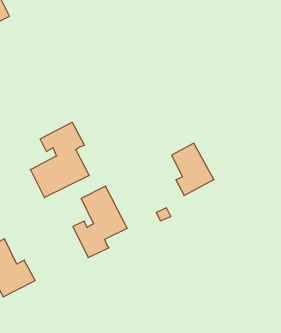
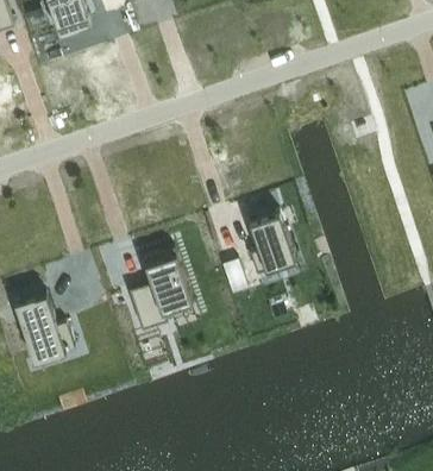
building: [30,122,89,198] -> none

